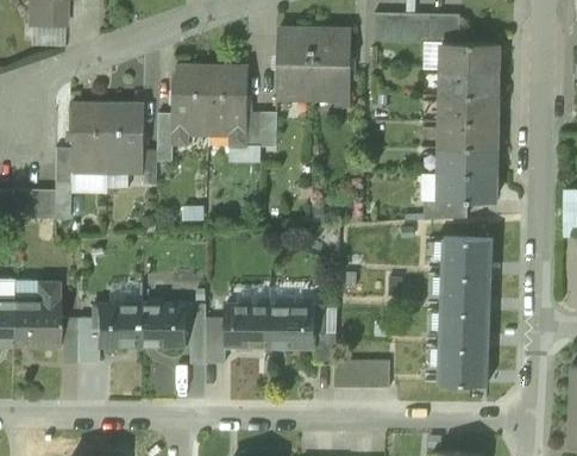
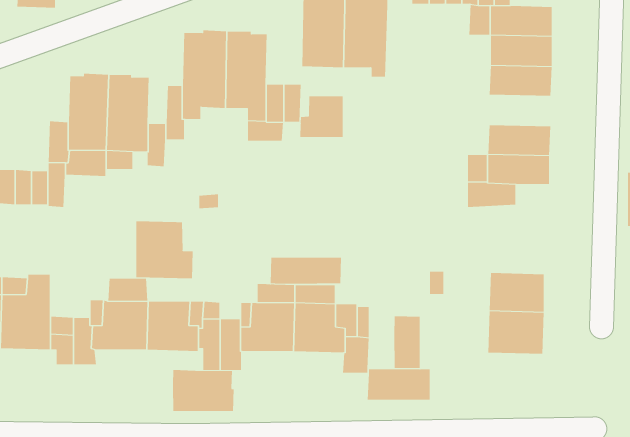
building: [441,121,496,149] -> none
building: none -> [300,95,343,138]
building: none -> [136,221,193,279]
building: [443,241,491,279] -> none
building: none -> [270,257,342,284]
building: none -> [394,316,420,369]
building: [439,348,489,386] -> none
building: none -> [172,369,234,412]

